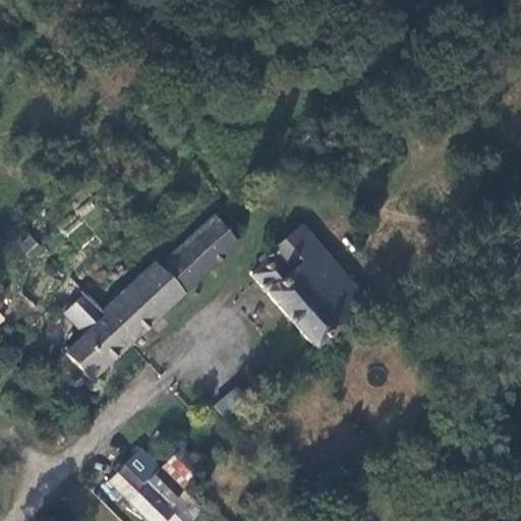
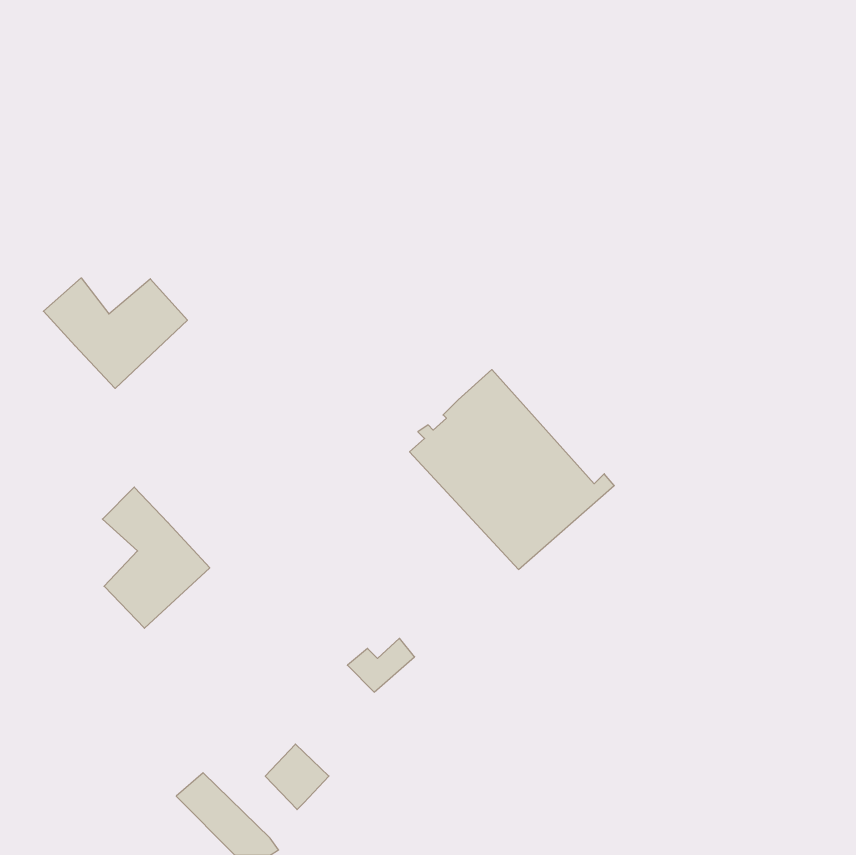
building: none -> [43,278,187,388]
building: [103,208,238,344] -> none
building: [124,450,181,508] -> none

